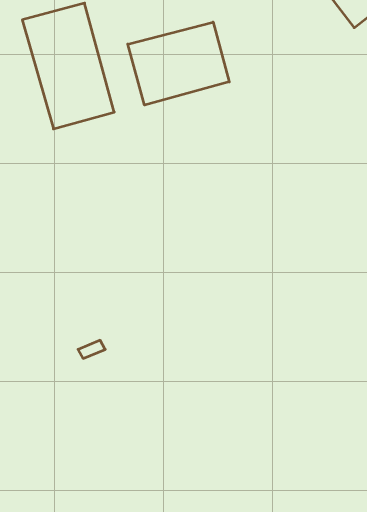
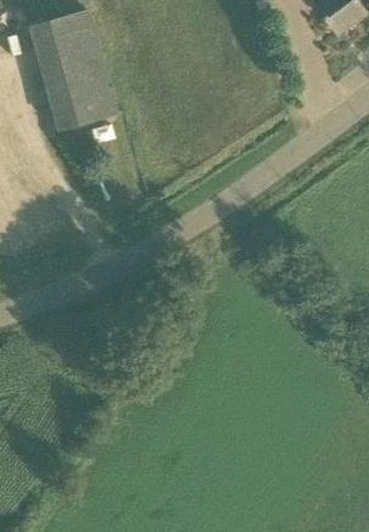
building: [128,22,229,105] -> none

